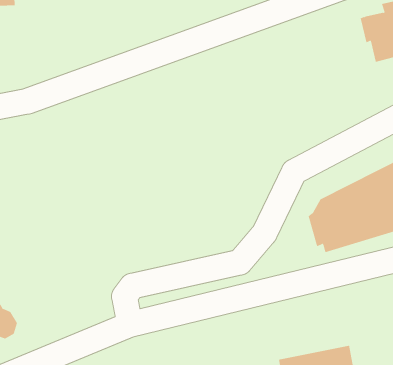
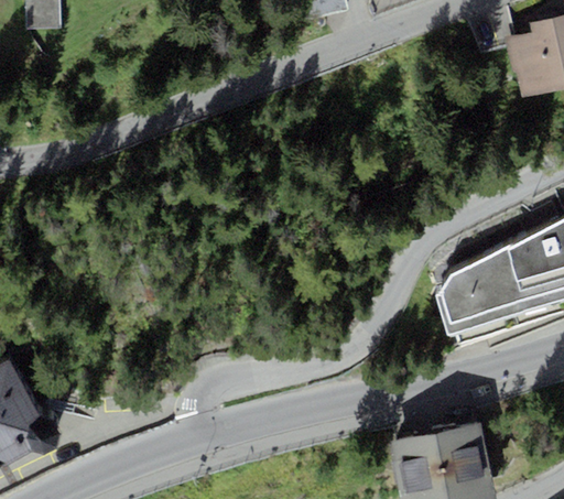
building: none -> [390,421,490,479]

